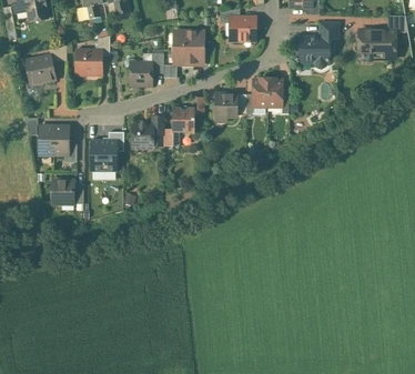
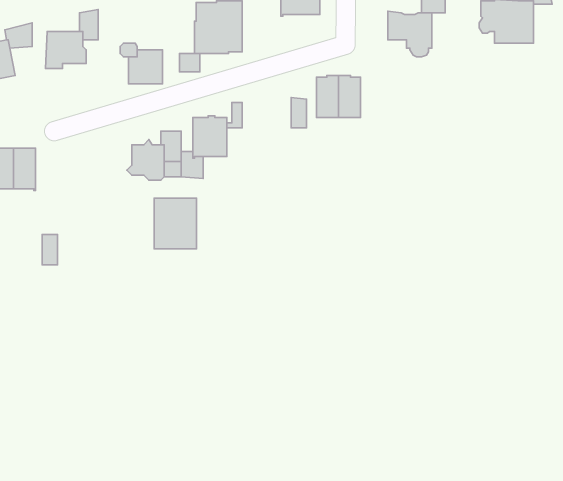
building: [214,93,235,115] -> none
building: [89,140,117,173] -> [154,198,196,249]
building: [52,180,72,204] -> none

